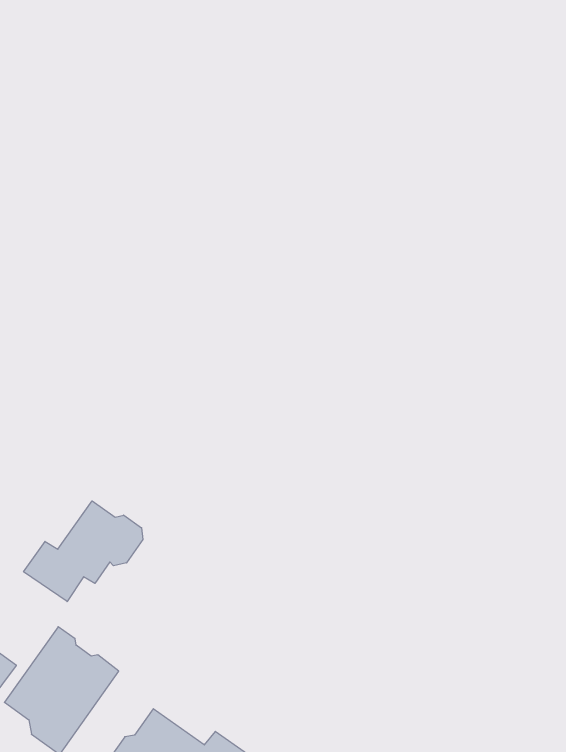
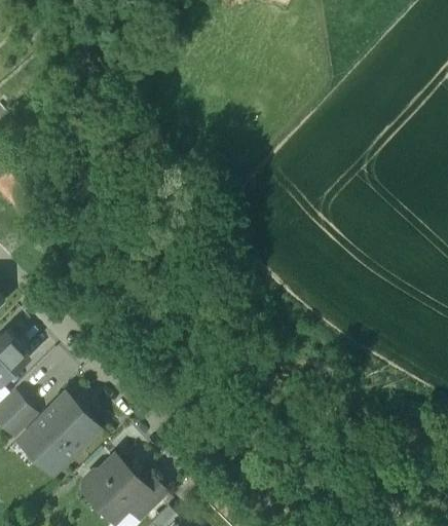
building: [24,501,143,602] -> none

